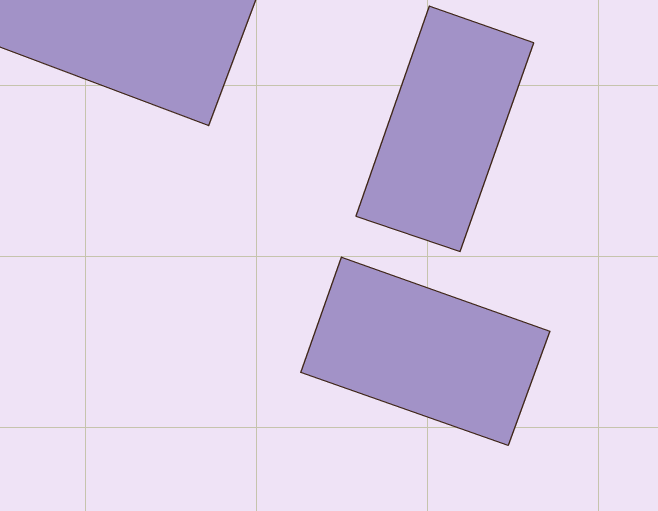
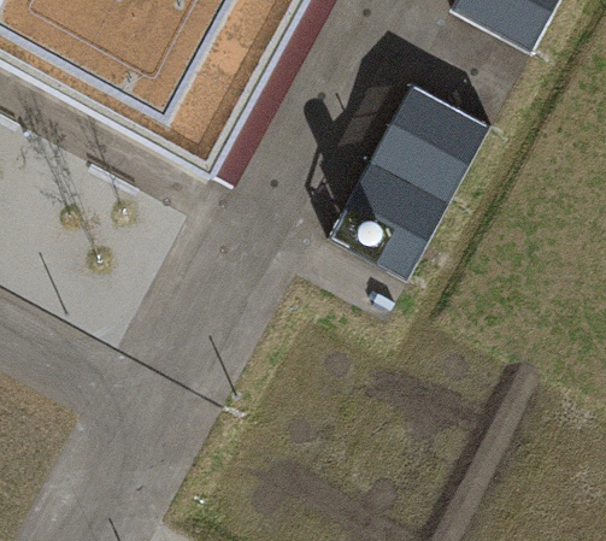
building: [301,257,550,445] -> none

